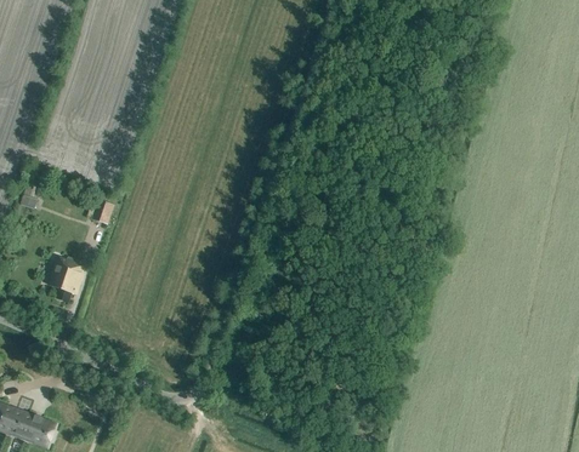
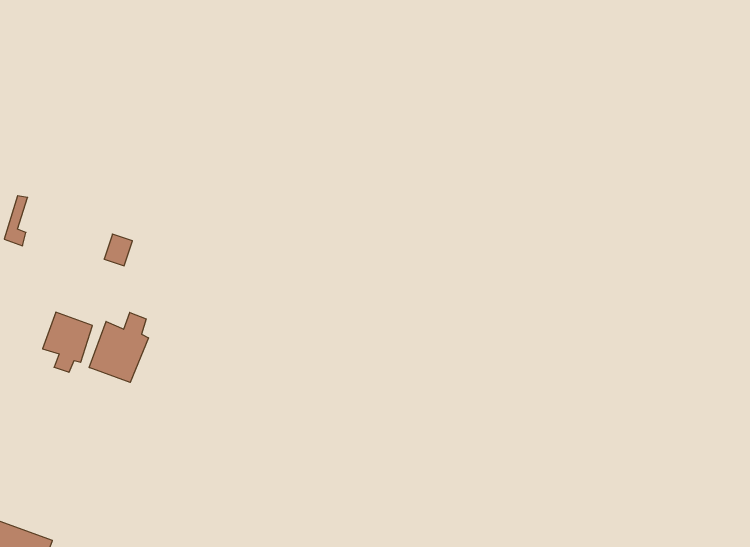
building: none -> [89,312,148,382]

